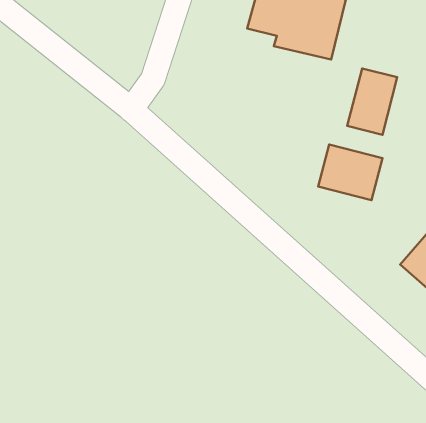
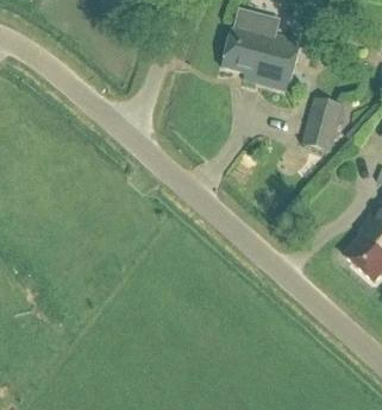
building: [318,145,383,200] -> none

